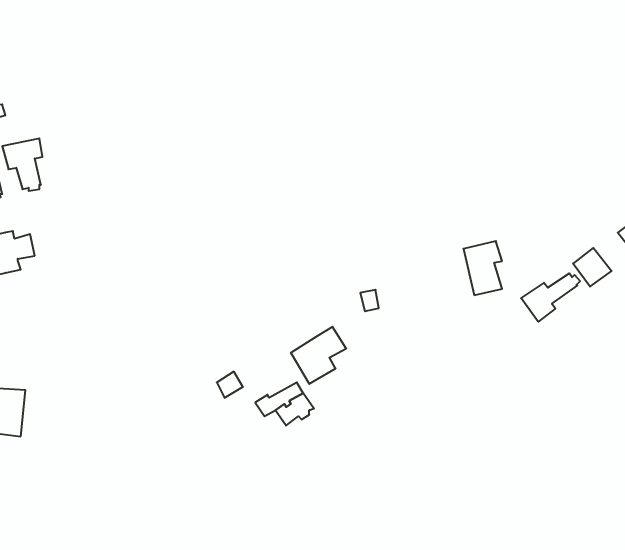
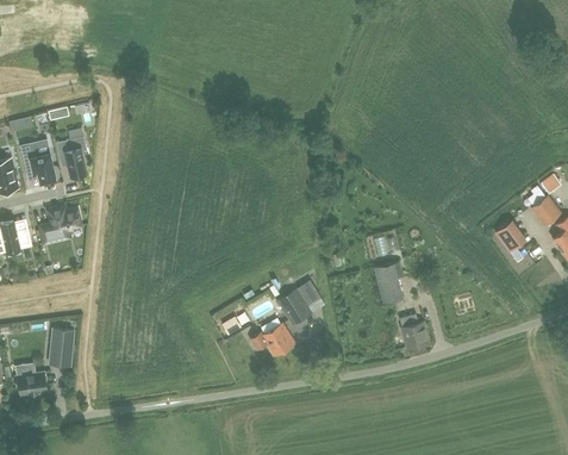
building: [463,241,502,295] -> [374,261,404,303]
building: [521,273,580,322] -> none
building: none -> [400,313,430,349]

